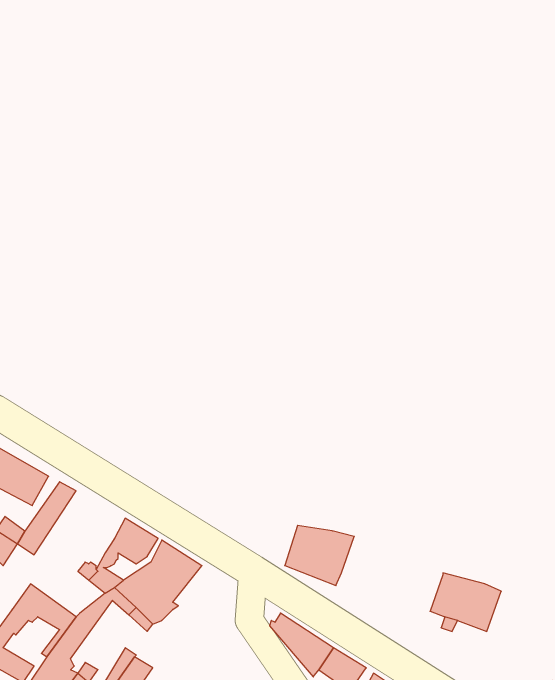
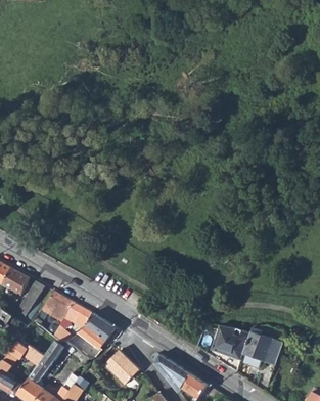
building: none -> [32,292,72,324]
building: [285,525,354,586] -> [211,327,249,361]
building: none -> [105,350,139,385]

